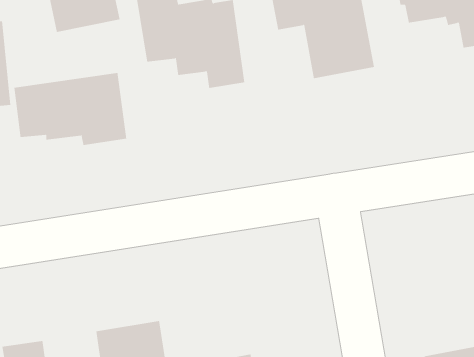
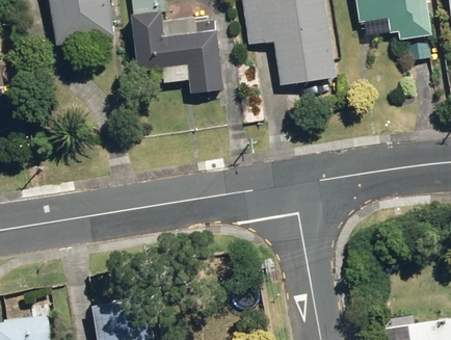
building: [14,72,127,146] -> none

